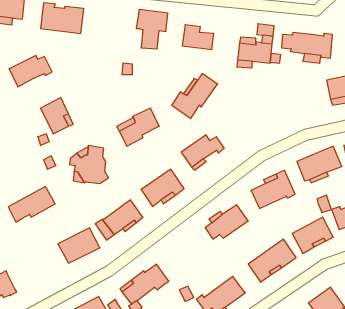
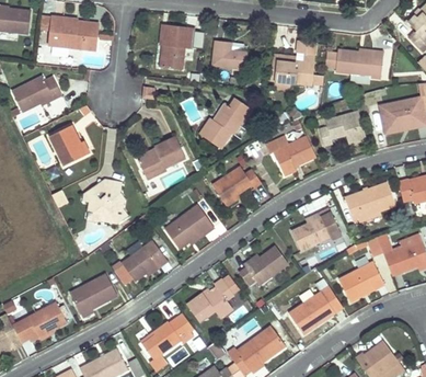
building: none -> [318,108,366,145]
building: none -> [264,135,313,175]
building: [8,187,55,222] -> [11,302,65,343]
building: none -> [185,279,232,323]

